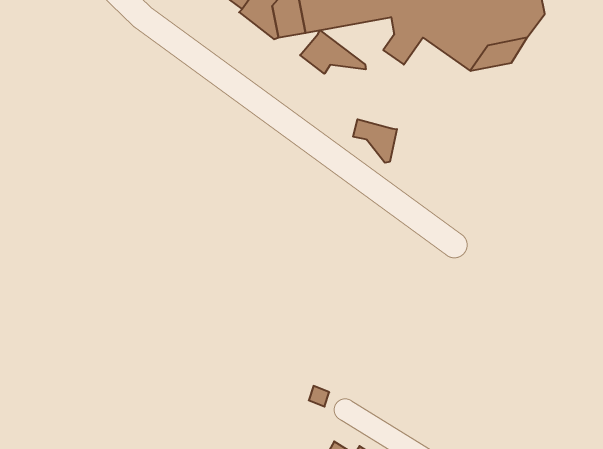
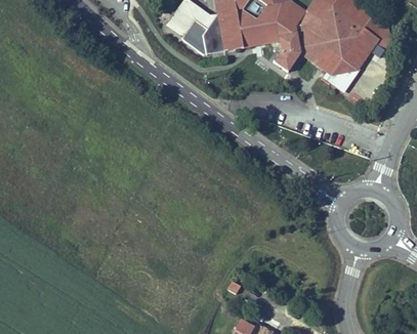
building: [300,30,366,74] -> none
building: [353,119,397,163] -> none

